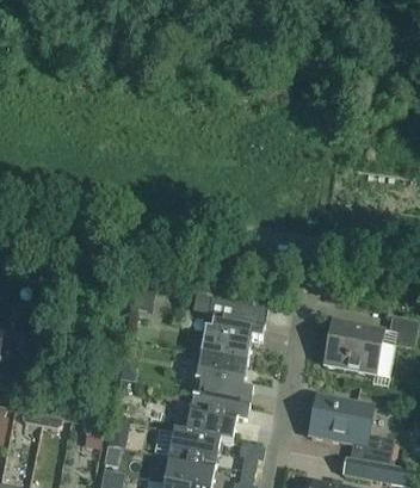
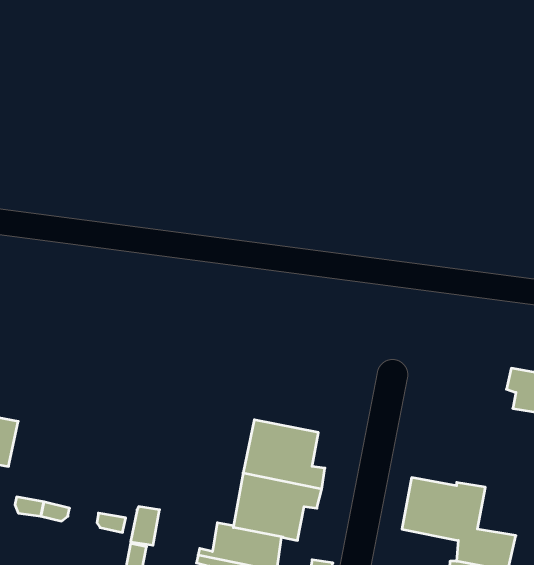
building: [194,292,267,360] -> none
building: [322,317,383,372] -> none

